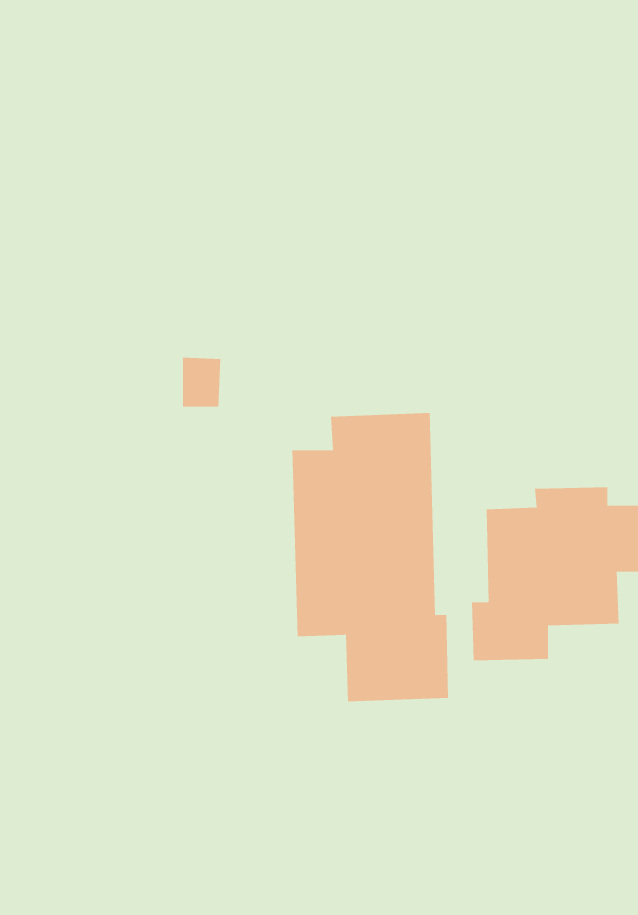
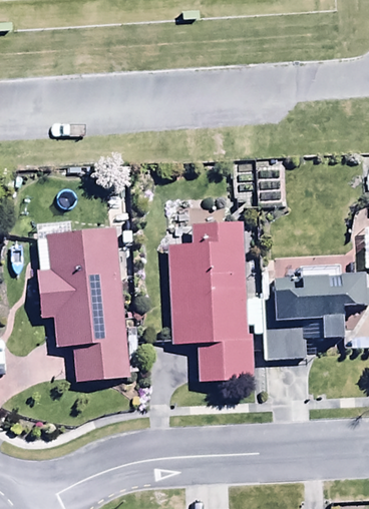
building: none -> [37,226,129,381]

